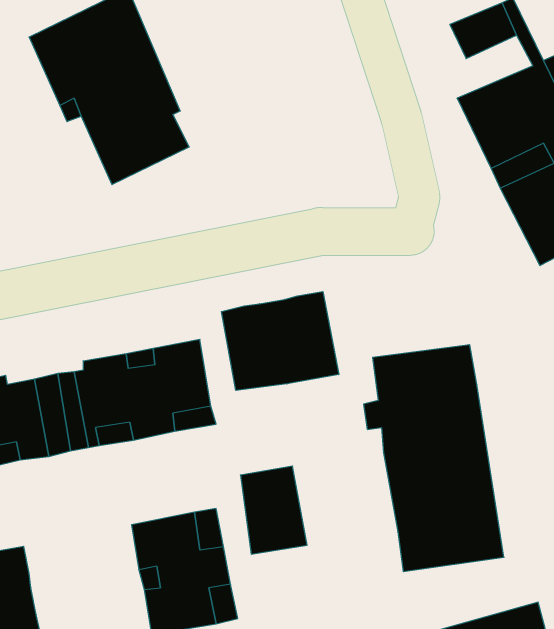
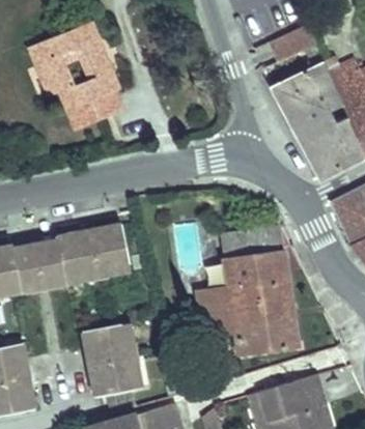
building: [221,292,339,390] -> none
building: [240,466,307,554] -> [199,289,237,340]

